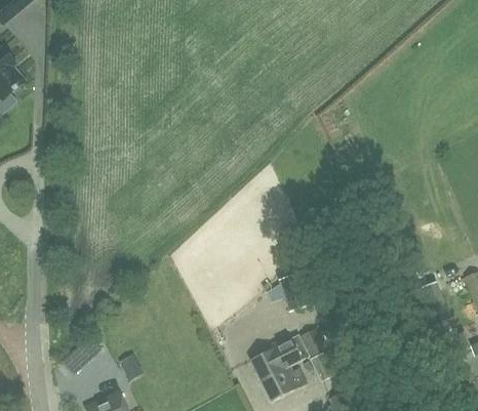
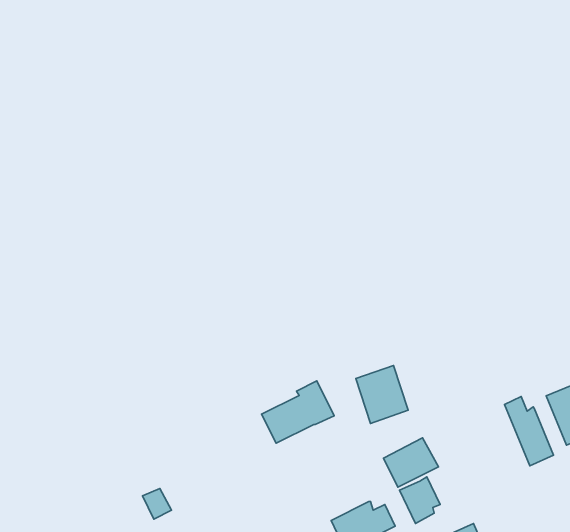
building: none -> [504,397,554,466]
building: [251,336,303,380] -> [262,381,334,443]

